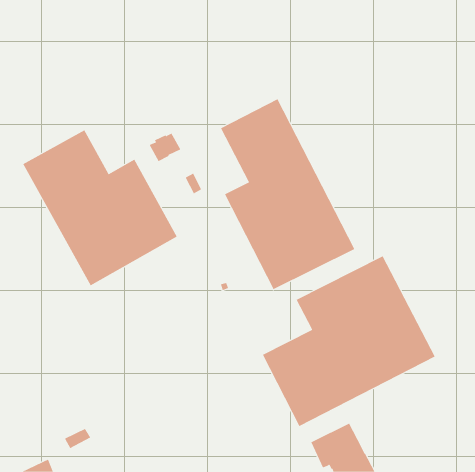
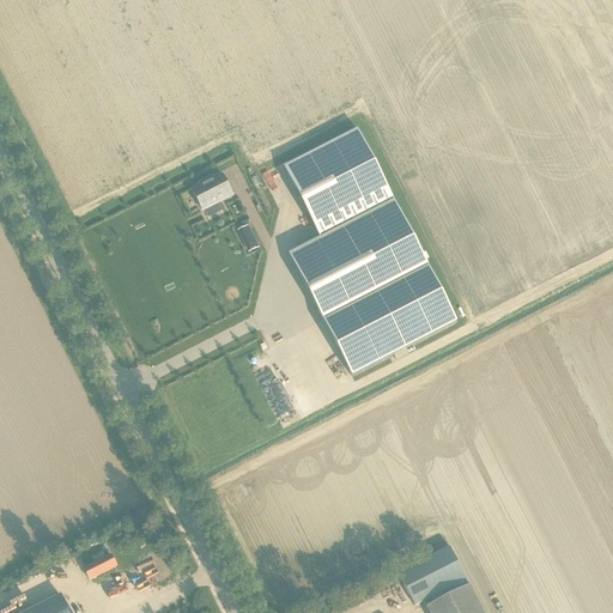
building: [22,129,178,286] -> none
building: [262,255,436,427] -> none

